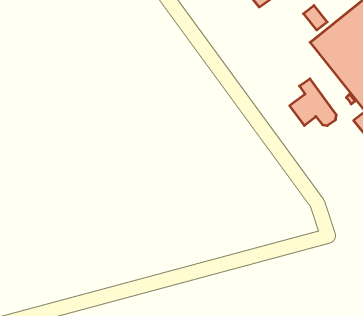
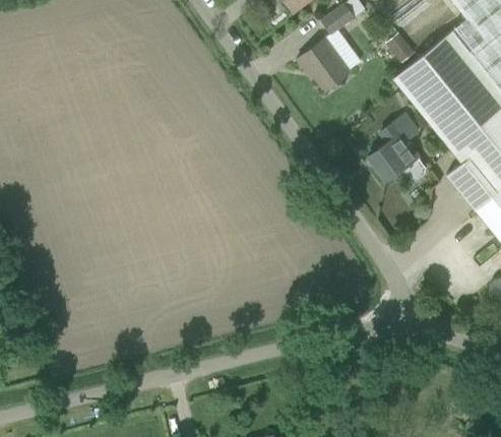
building: none -> [297,38,351,90]

